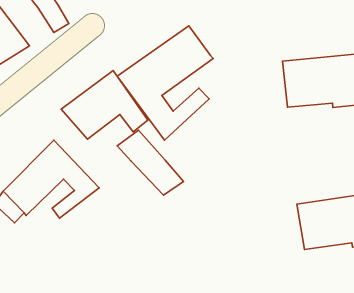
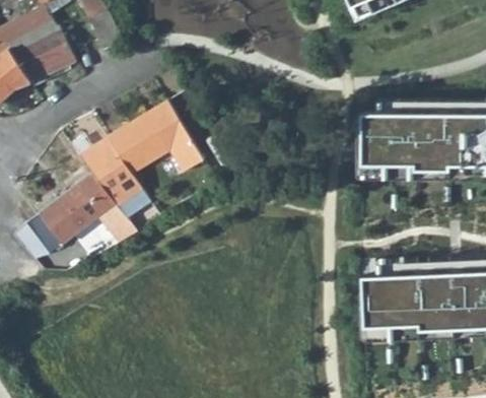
building: [117,26,213,140] -> none
building: [117,130,183,195] -> [78,137,149,214]

